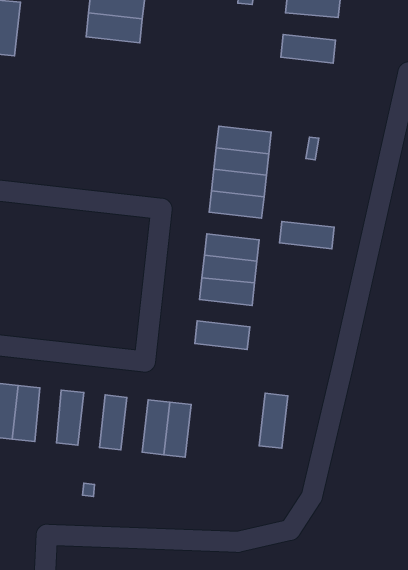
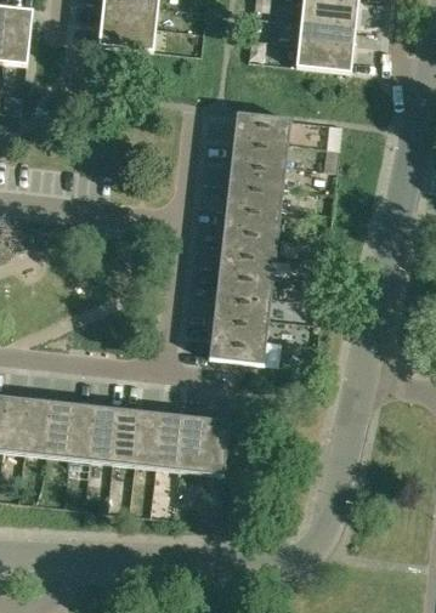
building: none -> [299,19,355,47]
building: none -> [233,112,289,141]
building: [279,221,334,249] -> [221,222,277,250]
building: none -> [211,311,267,339]
building: none -> [46,401,73,456]
building: none -> [90,405,118,461]
building: [259,393,288,448] -> [199,418,228,473]
building: none -> [134,410,162,466]

